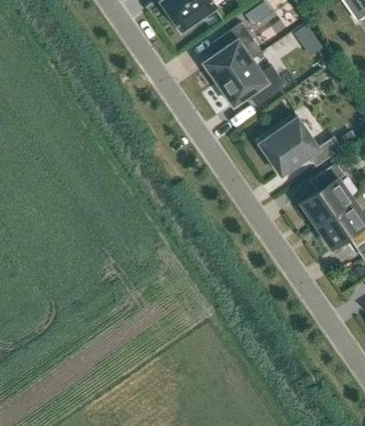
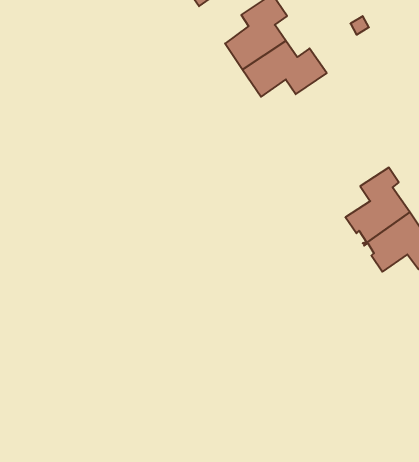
building: [260,116,343,174] -> none

